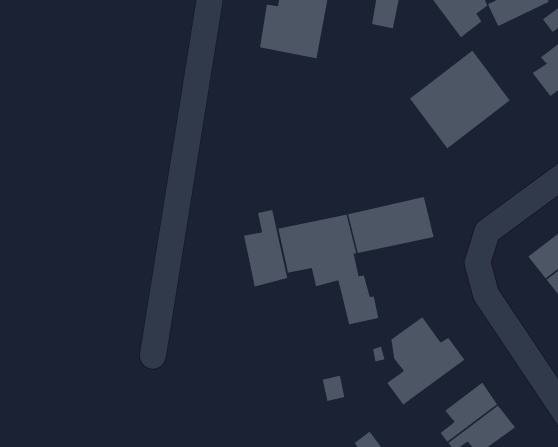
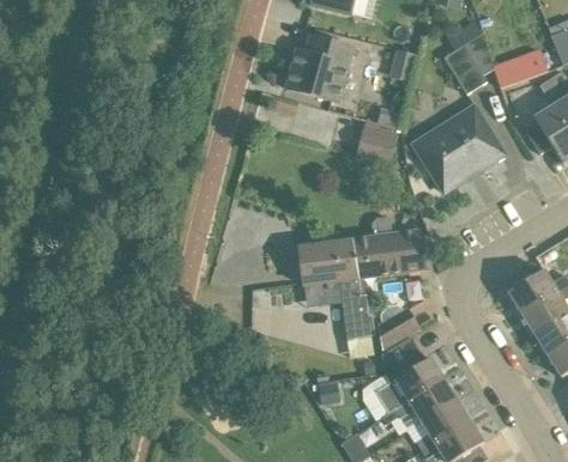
building: none -> [355,124,398,165]
building: [243,209,288,287] -> none
building: none -> [377,308,418,348]
building: none -> [397,377,459,420]

